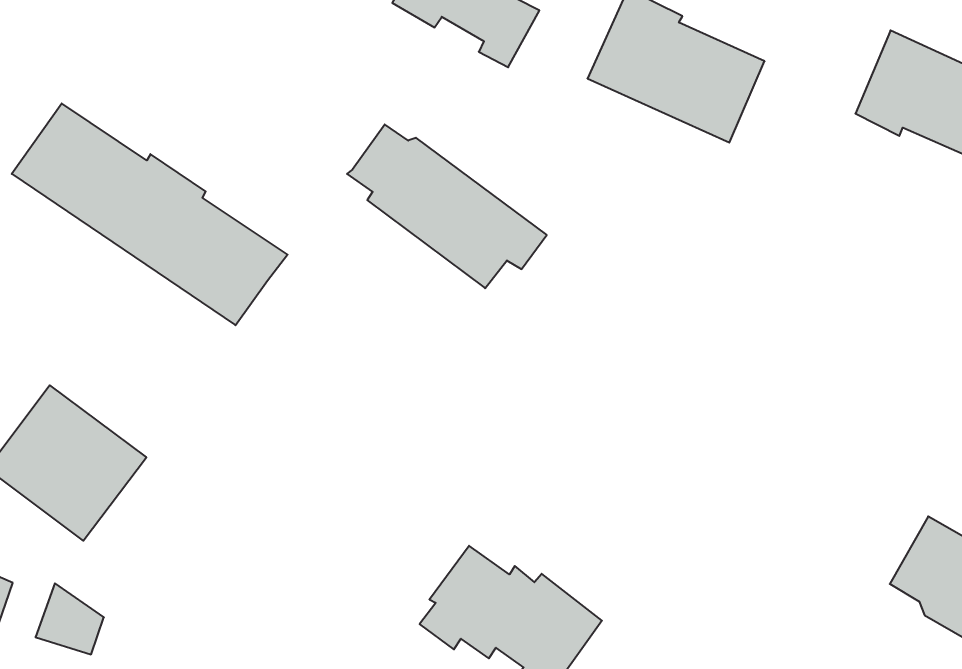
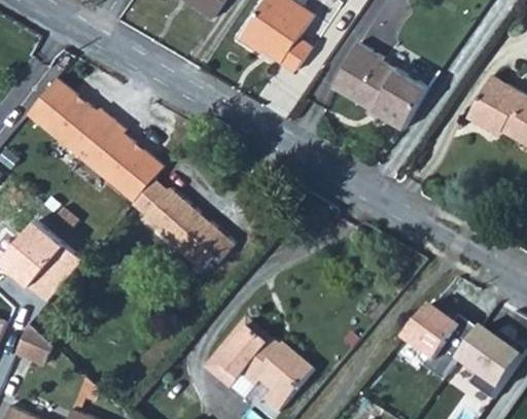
building: [347,124,547,288] -> [133,177,233,266]
building: none -> [407,306,461,361]

